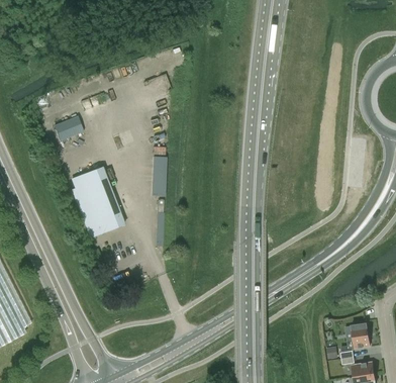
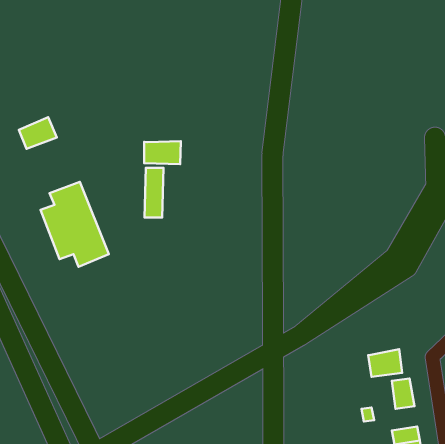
building: none -> [144,141,181,164]
building: none -> [368,349,402,377]

